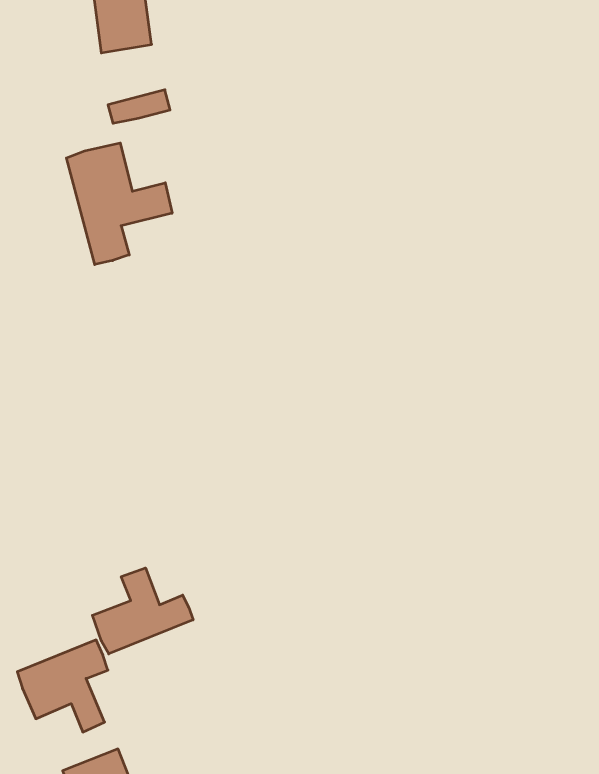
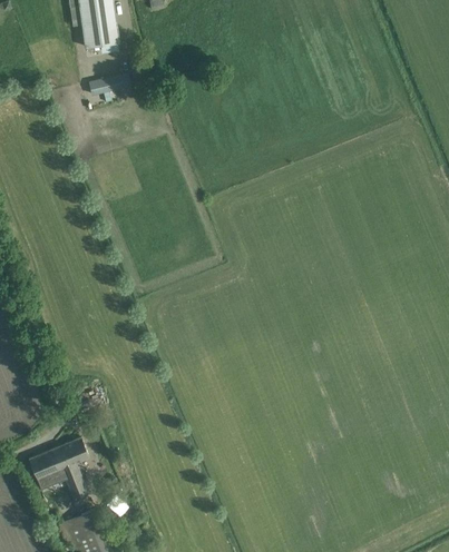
building: [66,143,172,265] -> none
building: [92,568,193,654] -> none

